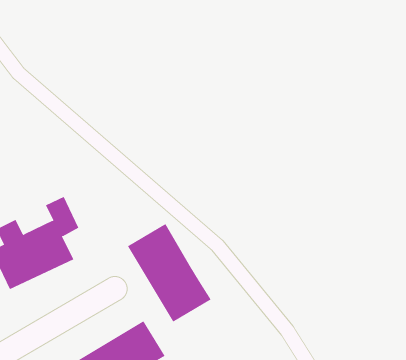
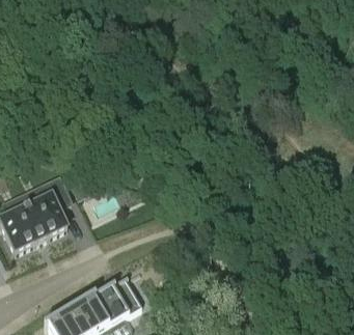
building: [127,223,211,322] -> none

